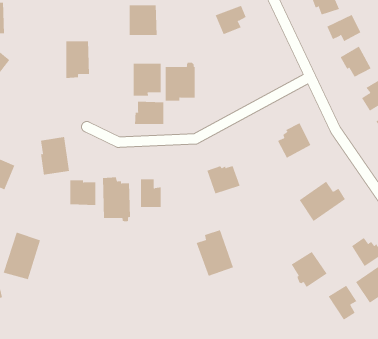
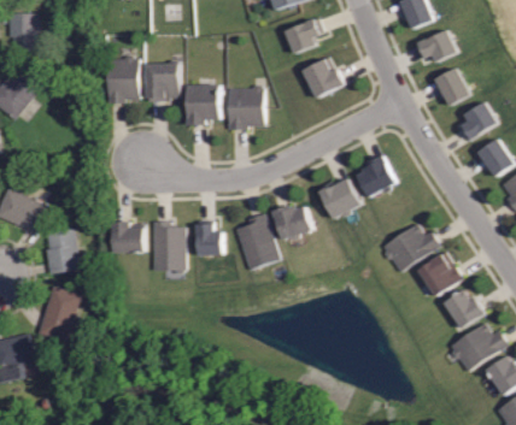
building: [129,5,158,36] -> [145,64,178,100]
building: none -> [304,59,346,98]
building: [134,101,164,125] -> none
building: [40,136,70,175] -> [43,228,78,273]
building: none -> [316,181,360,220]
building: [196,230,234,277] -> [235,214,280,270]
building: [291,251,328,288] -> [418,252,462,295]
building: [328,285,357,320] -> none

